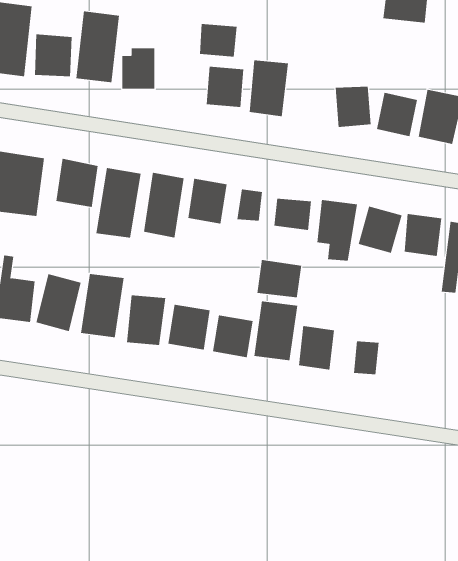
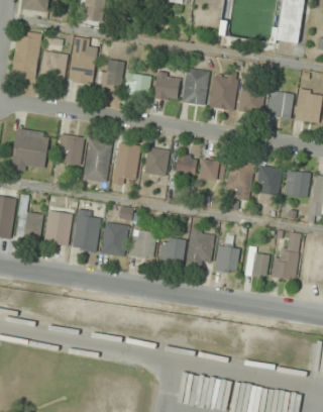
building: [199,24,238,57] -> [125,74,150,96]
building: none -> [209,77,237,111]
building: [257,259,302,298] -> none
building: none -> [272,233,301,280]

